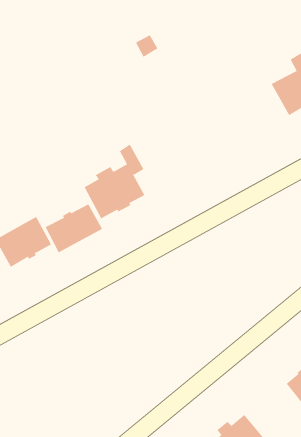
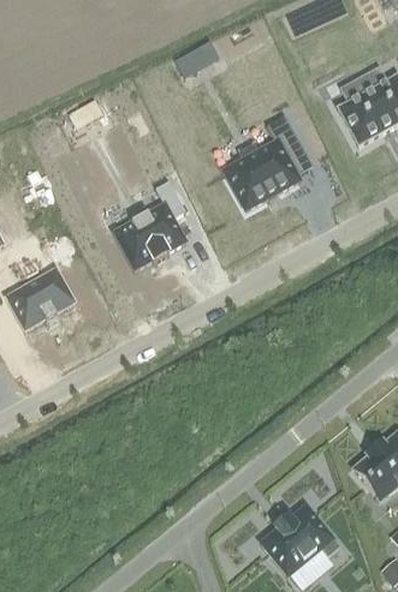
building: none -> [224,113,302,207]
building: [45,204,103,253] -> none

